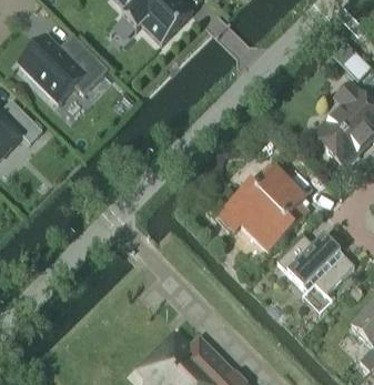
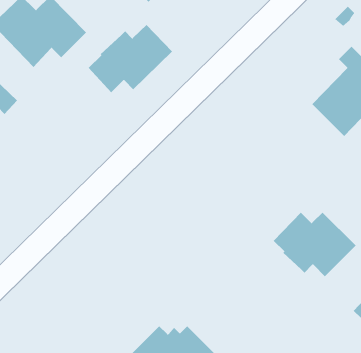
building: none -> [88,24,173,93]
building: [215,161,304,250] -> none

